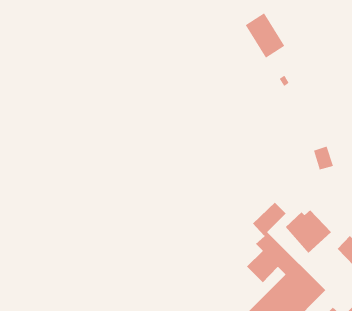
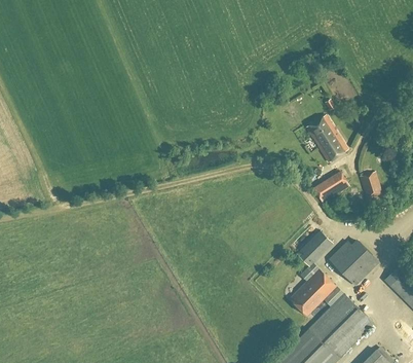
building: [245,12,285,59] -> [305,114,347,162]
building: none -> [313,172,348,203]

